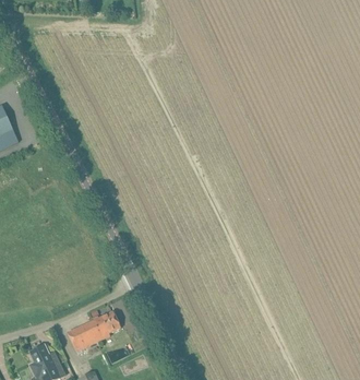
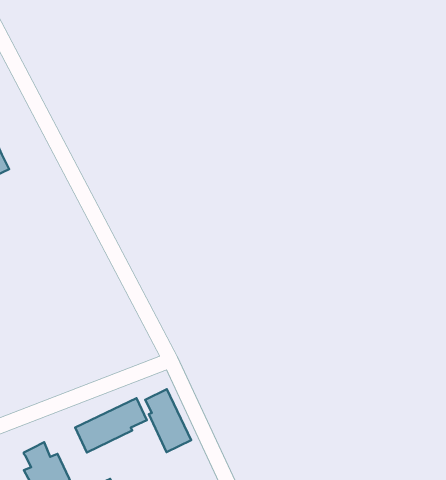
building: none -> [145,389,191,452]

